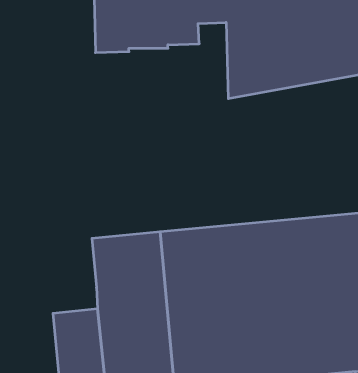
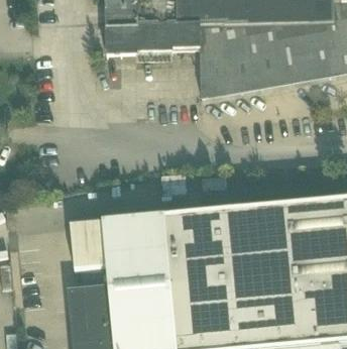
building: none -> [200,25,227,98]
building: none -> [71,220,108,267]

